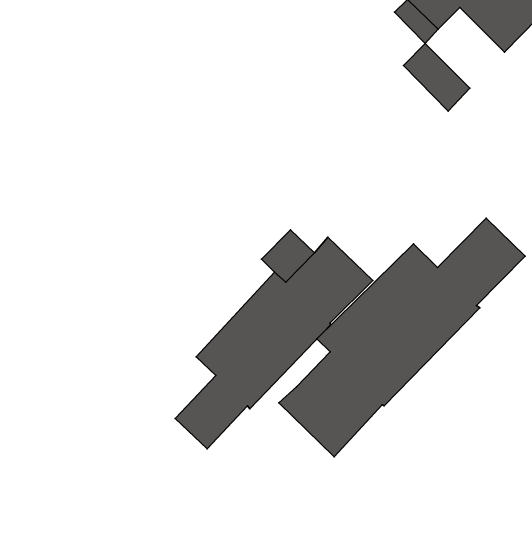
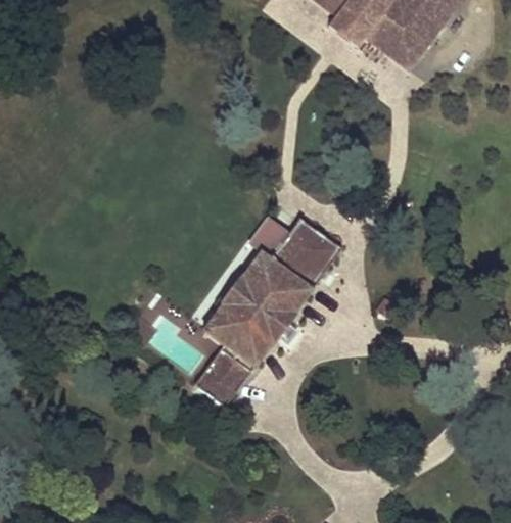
building: [403,44,470,111] -> [366,14,423,67]
building: [279,218,525,457] -> none

